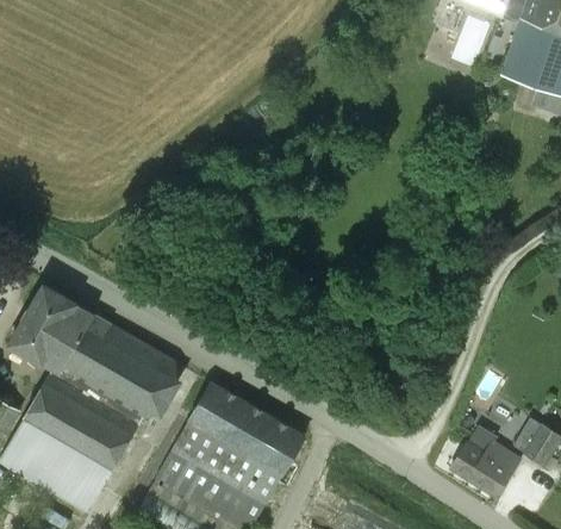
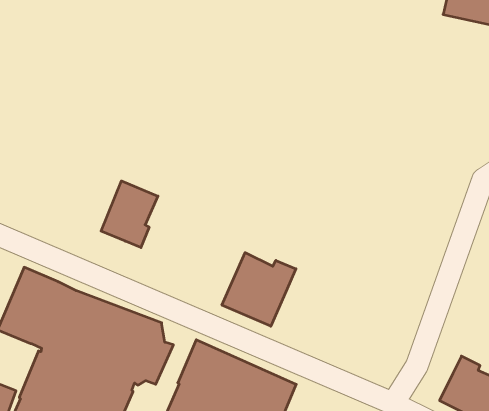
building: none -> [101,181,158,248]
building: none -> [222,253,296,326]

